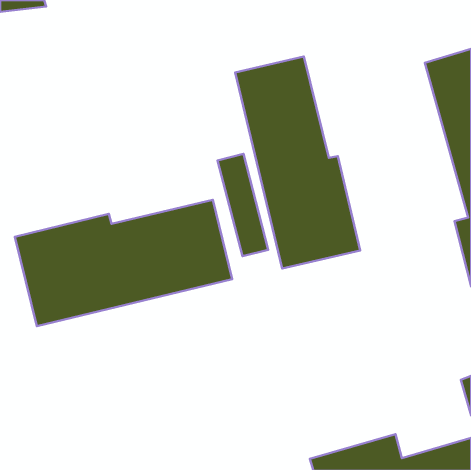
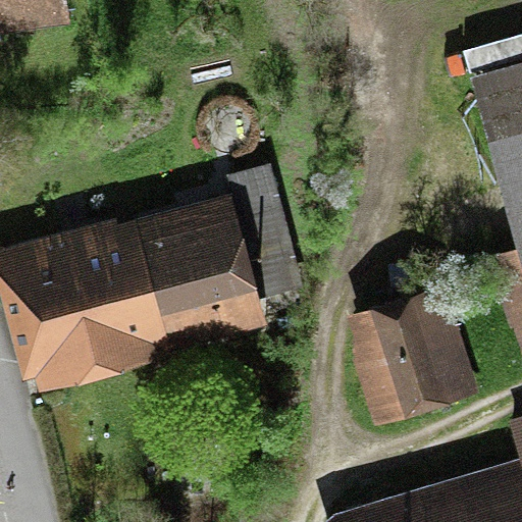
building: [235,56,360,269] -> none
building: none -> [371,309,461,405]

